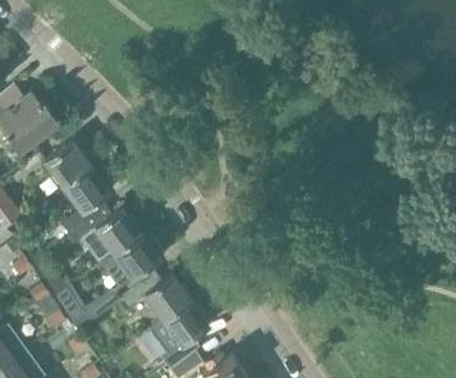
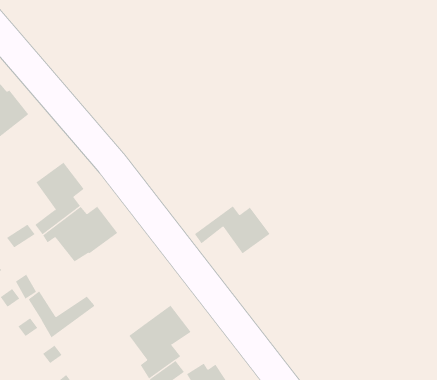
building: [43,140,89,184] -> none
building: [100,231,164,280] -> none
building: [118,272,189,318] -> [195,205,271,254]

